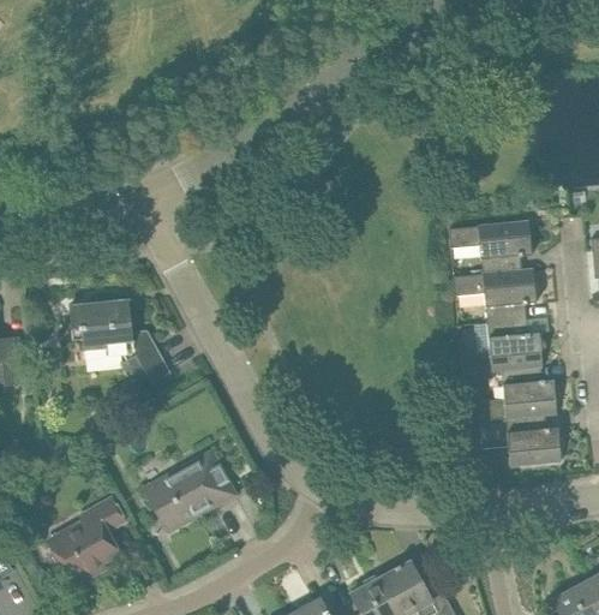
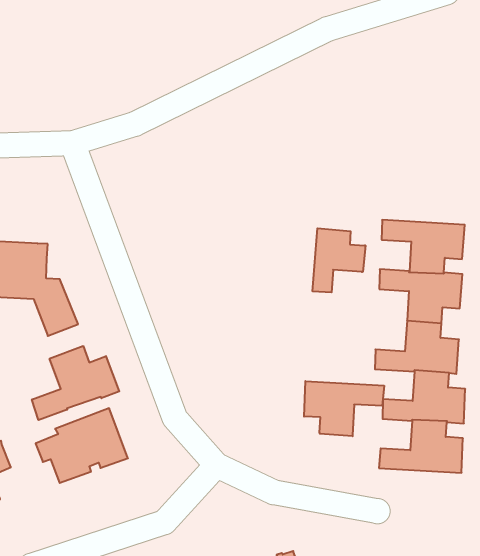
building: none -> [313,228,365,292]
building: none -> [304,381,384,436]
building: none -> [32,346,119,420]

